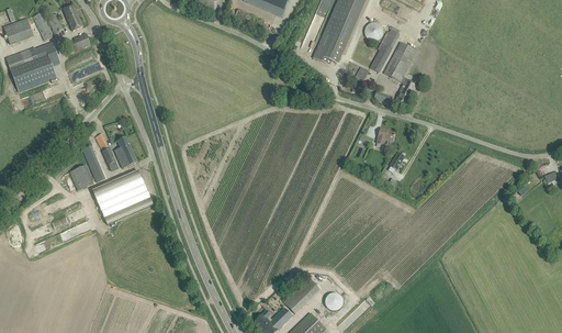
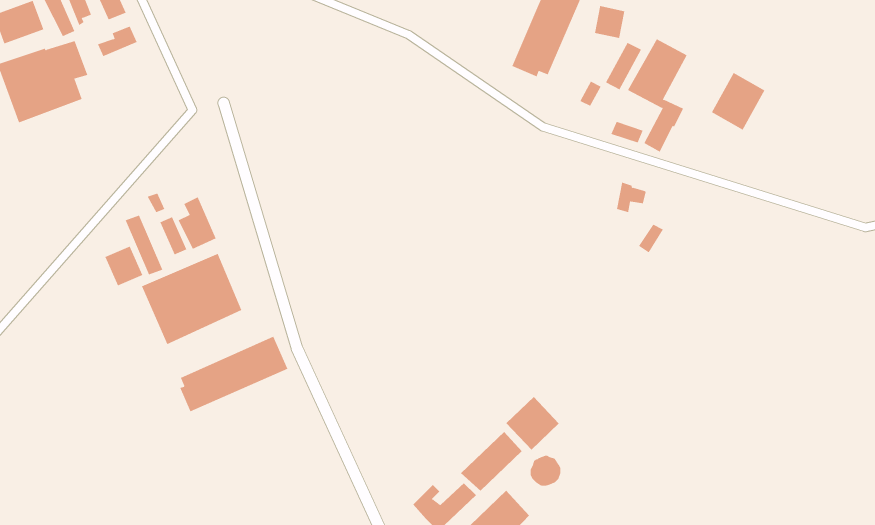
building: none -> [711,72,765,130]
building: none -> [179,336,288,412]
building: none -> [506,396,559,450]

